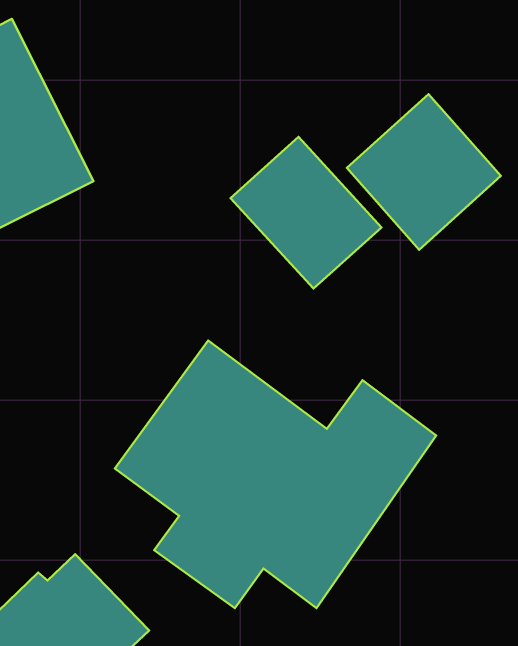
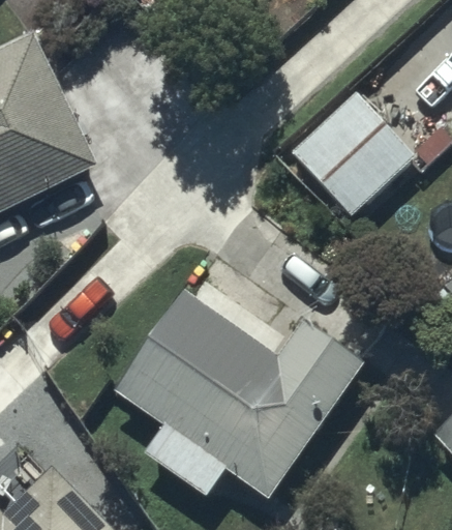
building: [231,137,381,289] -> none

